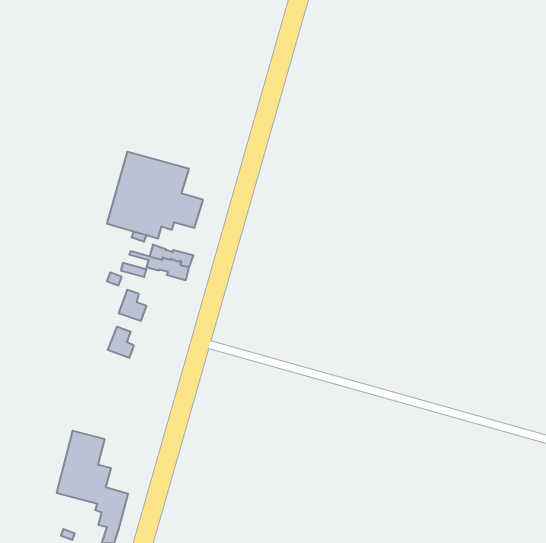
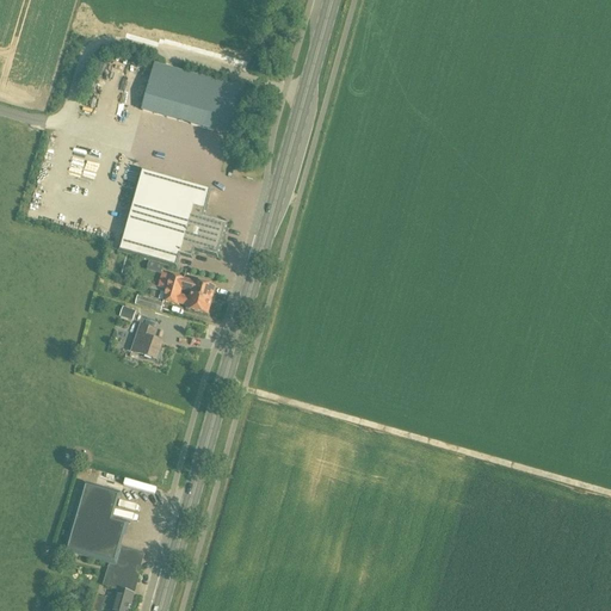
building: none -> [140,61,240,131]
building: [108,327,134,358] -> none

